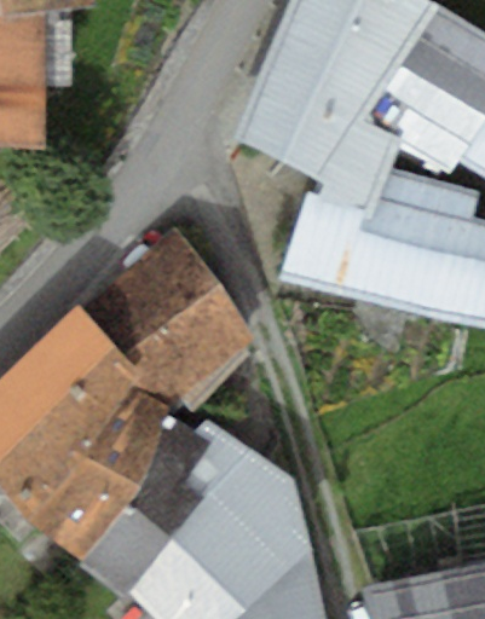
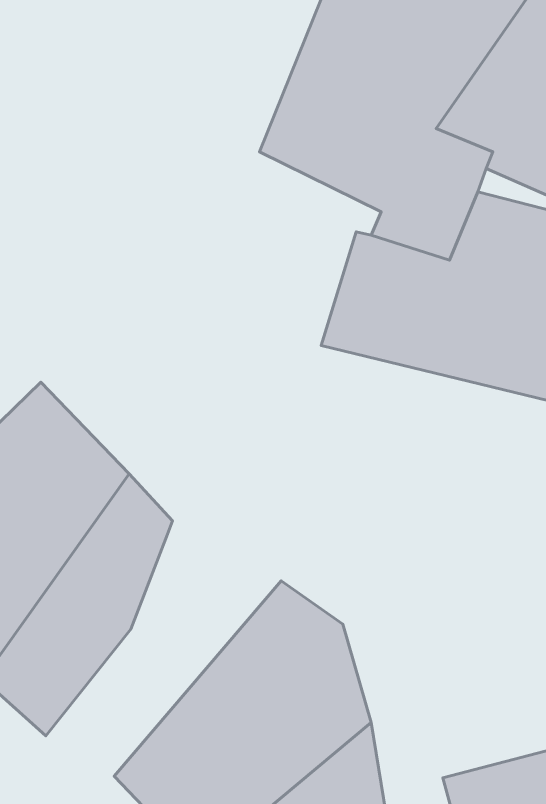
building: [76,227,261,412] -> none
building: [80,415,250,596] -> none

